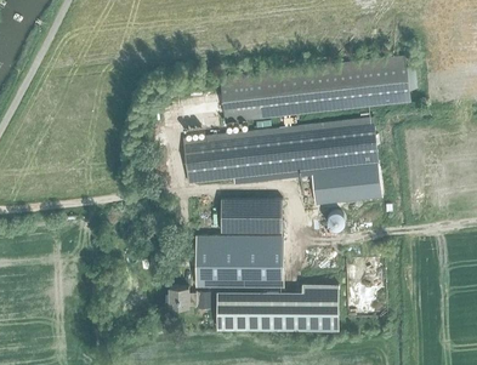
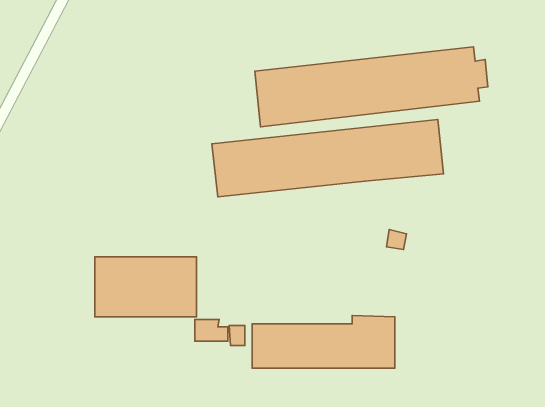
building: [312,165,382,207] -> none
building: [220,201,282,233] -> none
building: [195,238,282,289] -> [95,257,196,317]

